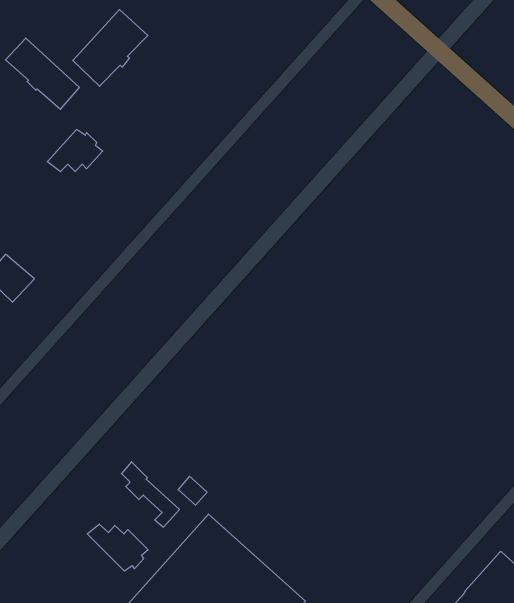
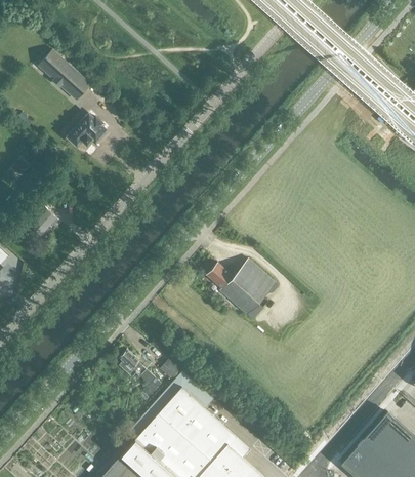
building: [73,10,148,86] -> none
building: none -> [206,260,274,315]
building: [87,524,148,571] -> none

